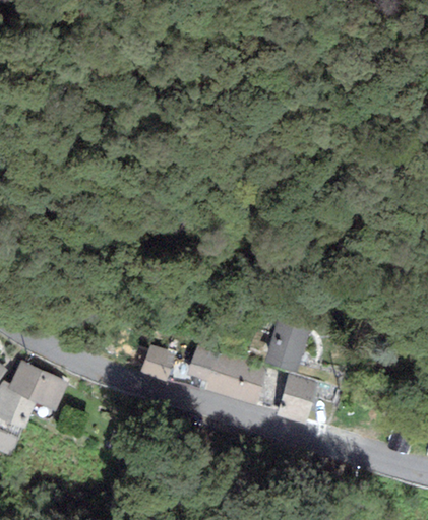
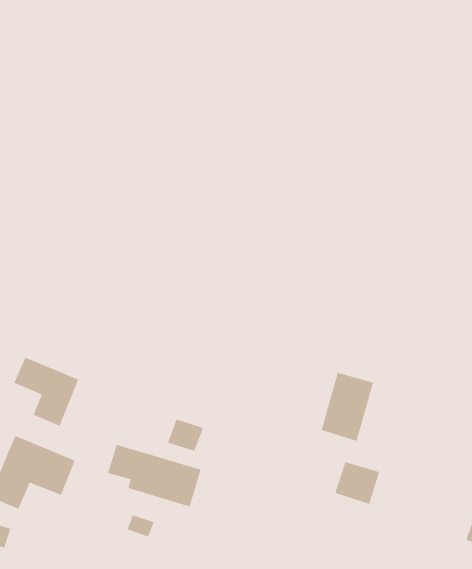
building: none -> [13,357,79,426]
building: [189,348,265,399] -> [107,444,202,507]

